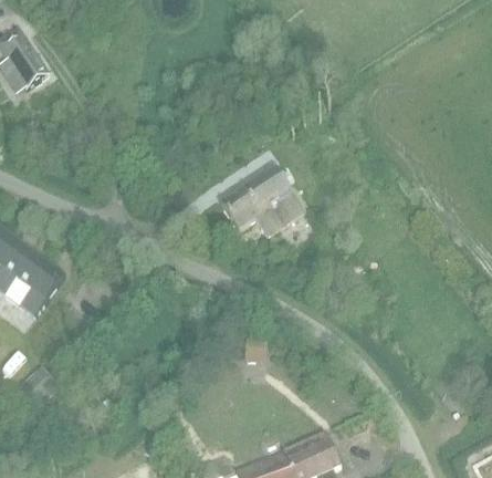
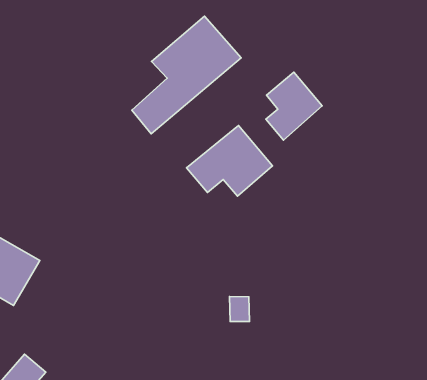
building: none -> [132,16,241,134]
building: none -> [266,72,322,140]

